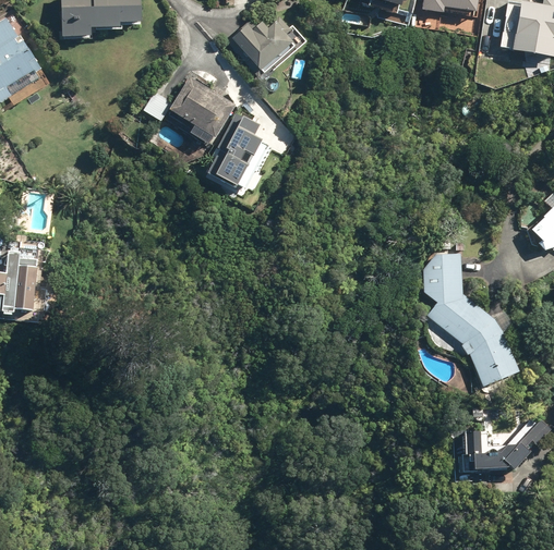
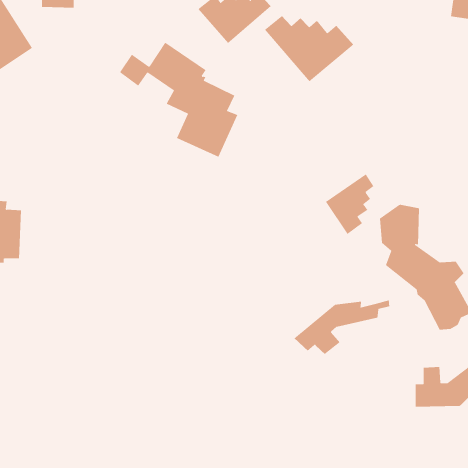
building: none -> [264,15,354,82]
building: none -> [325,173,374,235]
building: none -> [294,300,390,355]

